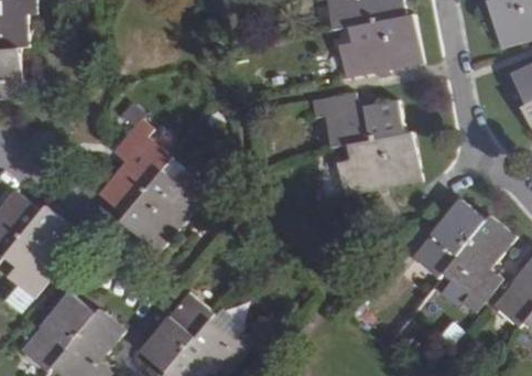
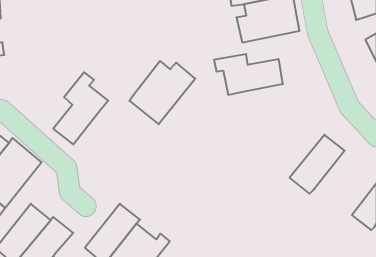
building: [337,130,421,193] -> none
building: [119,168,206,251] -> [129,61,195,124]
building: [442,216,515,312] -> none

